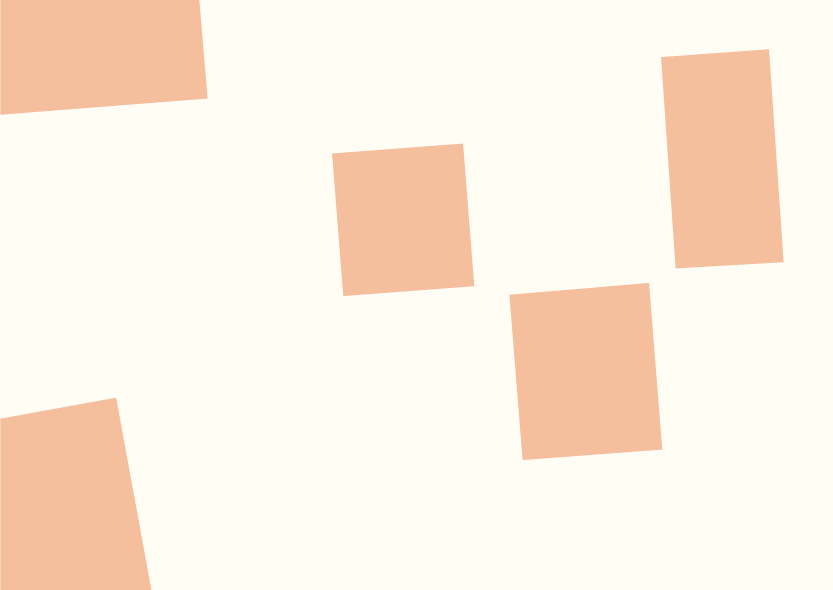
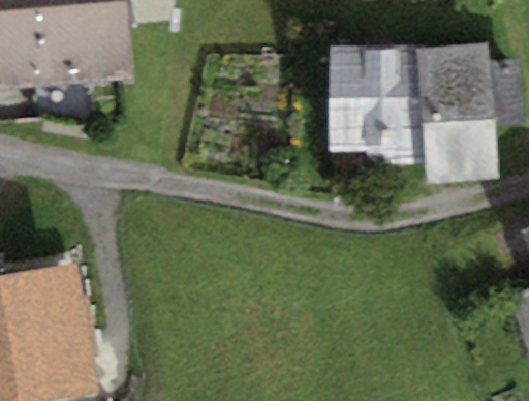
building: [331,143,475,297] -> [322,54,413,151]
building: [509,282,663,461] -> none

